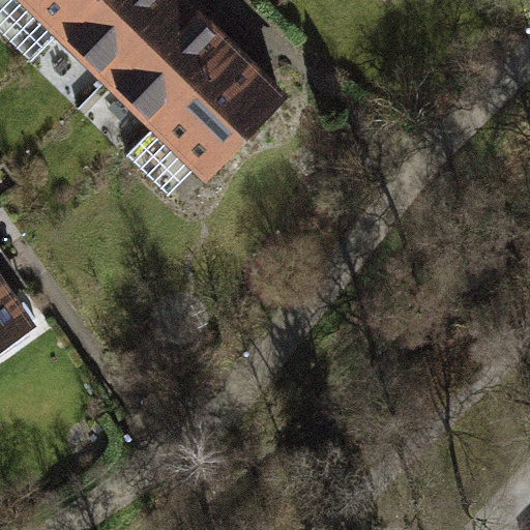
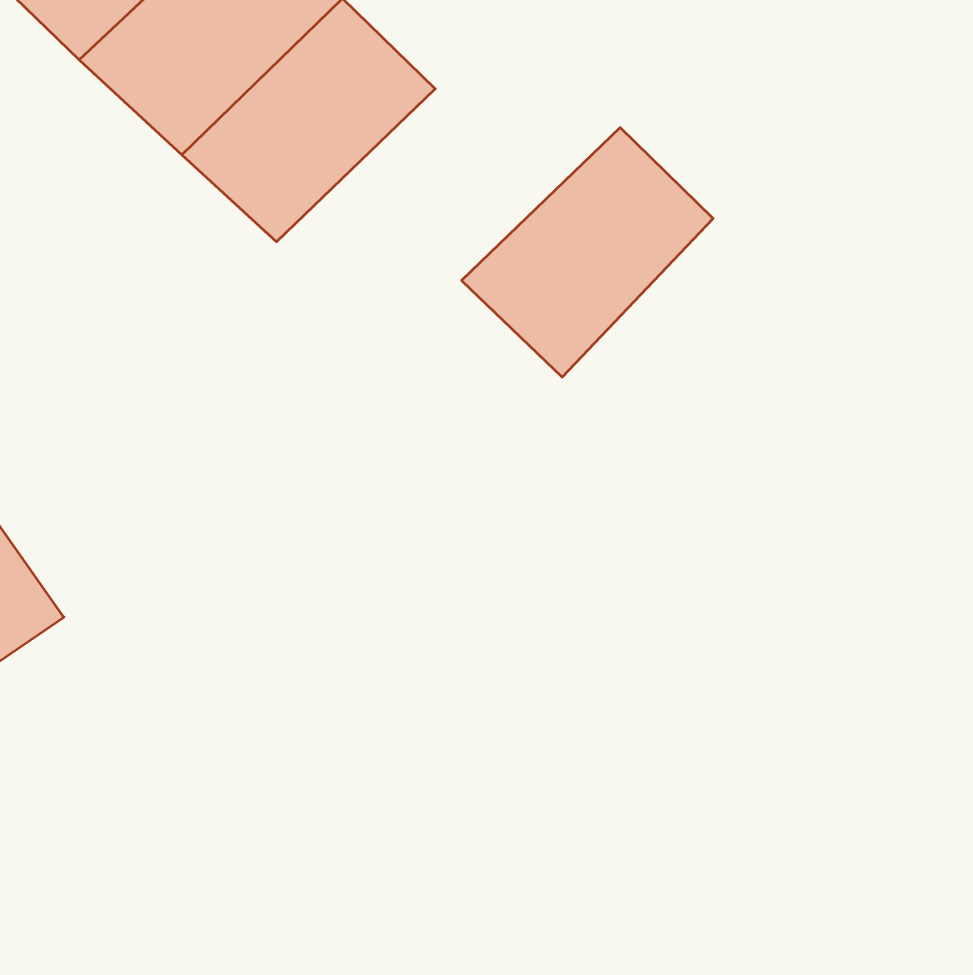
building: [148,48,283,181] -> [462,128,713,377]

